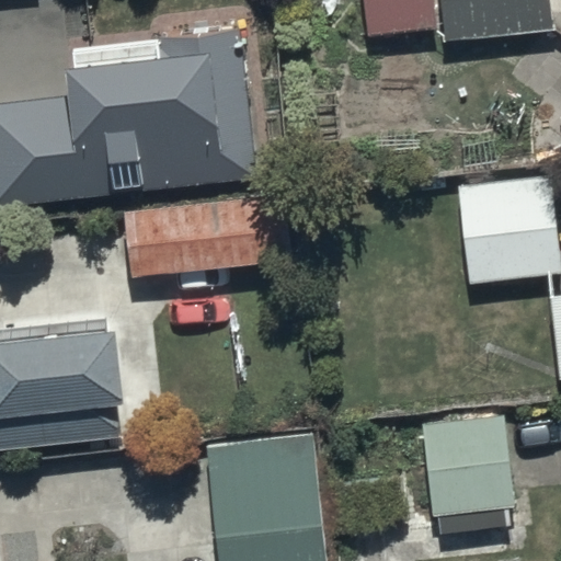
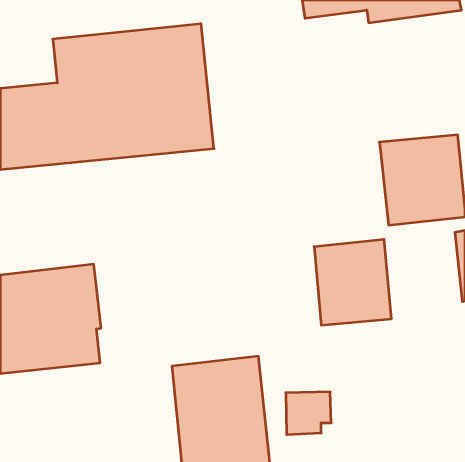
building: [124,202,288,279] -> none
building: [421,404,514,507] -> [314,239,391,325]

